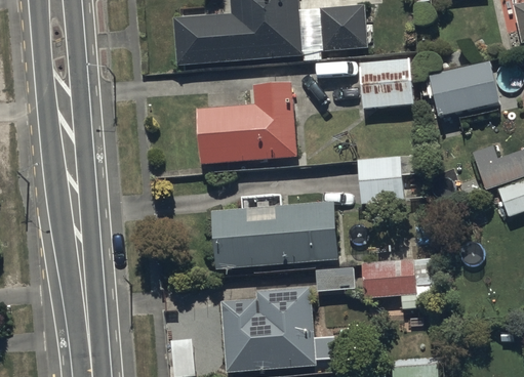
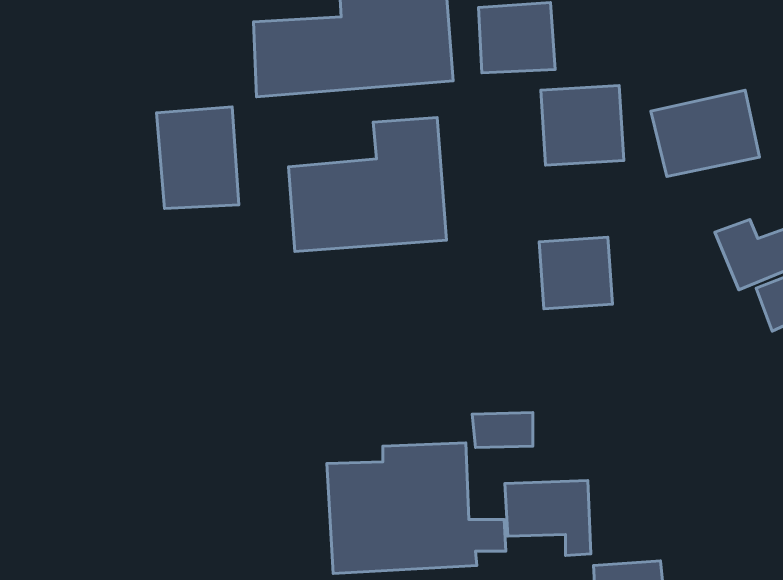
building: none -> [157,107,239,209]
building: [213,200,338,266] -> none
building: [362,261,417,309] -> [505,480,591,555]

